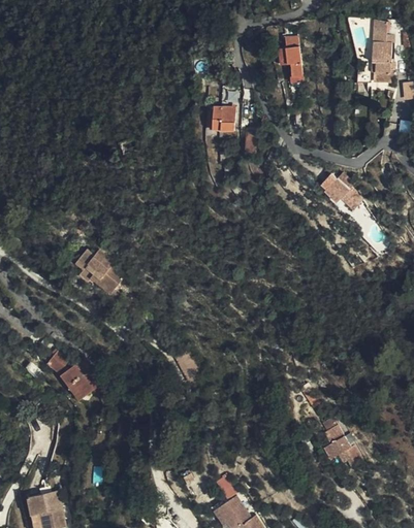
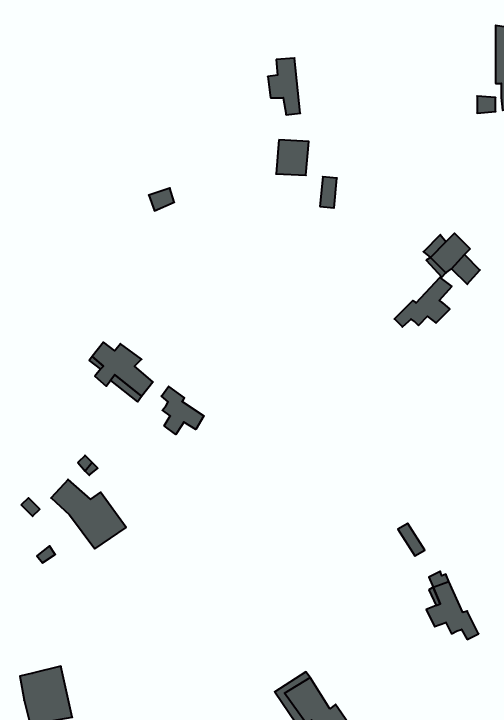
building: [279,36,302,77] -> [268,58,300,115]
building: none -> [394,277,452,327]
building: none -> [161,386,204,434]

